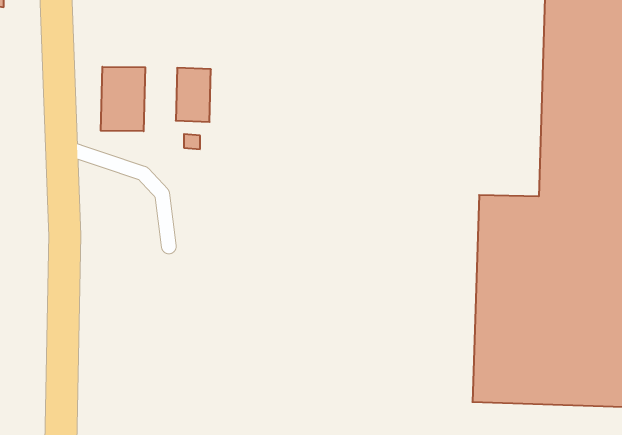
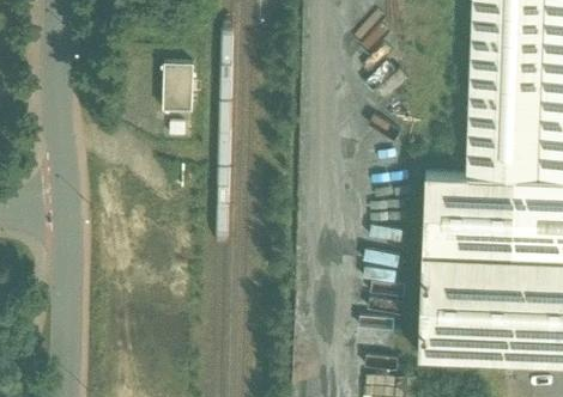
building: [101,67,145,131] -> none

